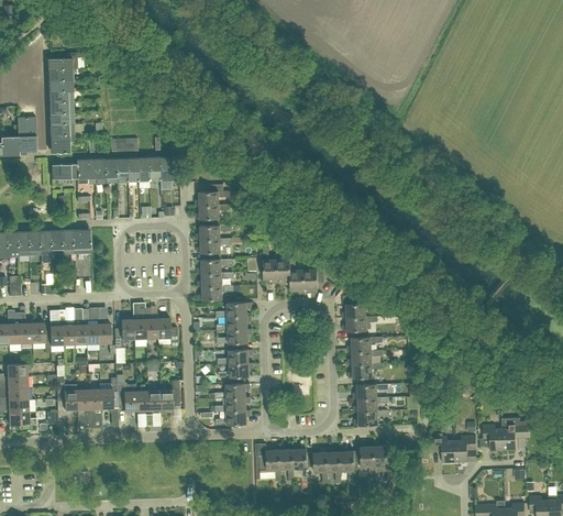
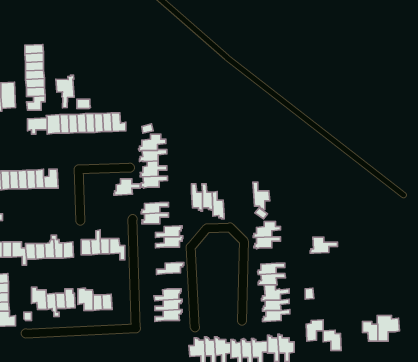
building: [46,54,76,70] -> none
building: none -> [56,75,74,108]
building: [197,253,231,274] -> [114,179,140,195]
building: [301,259,323,294] -> [253,182,270,209]
building: [216,329,251,351] -> none
building: [346,331,382,352] -> [310,237,337,253]
building: [218,363,252,384] -> none
building: [158,382,179,410] -> none
building: [453,436,475,463] -> [306,320,323,341]

